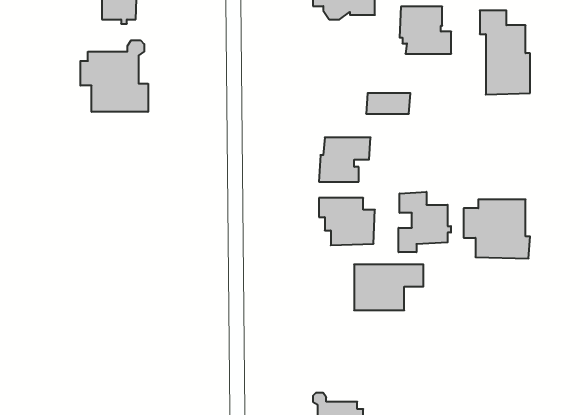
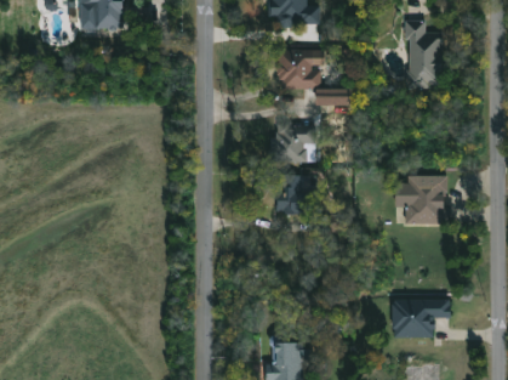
building: [400,7,451,54] -> [279,50,321,89]
building: [80,40,148,112] -> none
building: [399,192,451,252] -> none
building: [354,264,423,310] -> [392,300,449,338]

